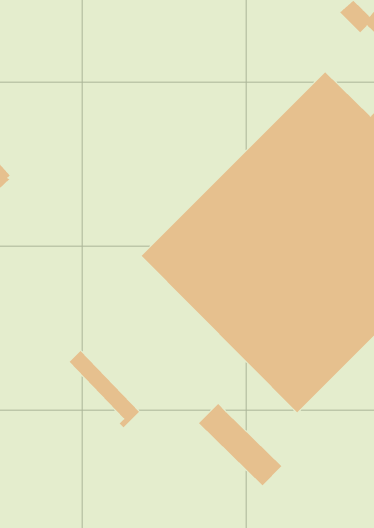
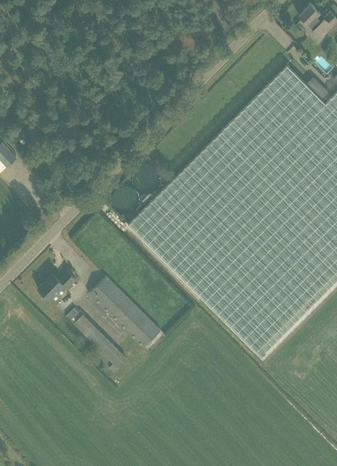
building: none -> [37,271,76,301]
building: [198,403,282,486] -> [88,277,160,348]

